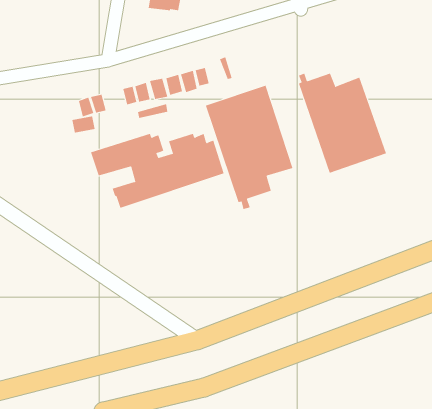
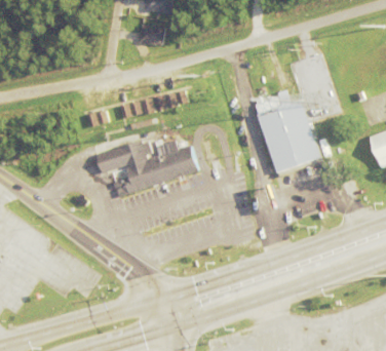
building: [205,85,293,210] -> none

